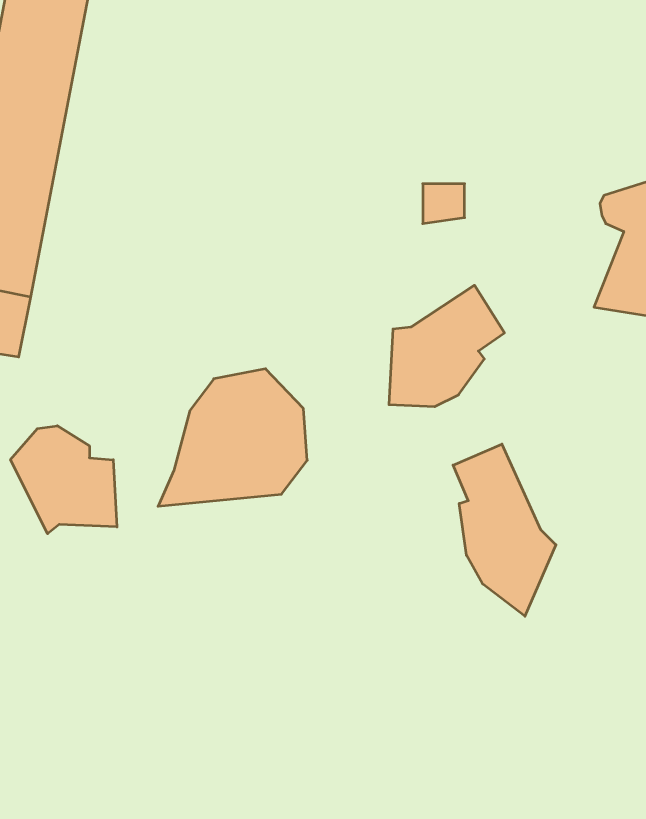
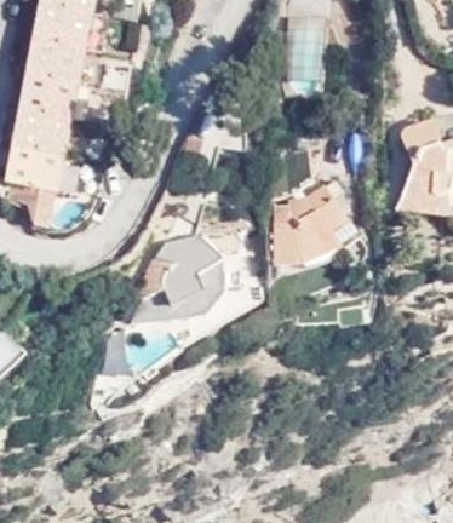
building: [11,426,117,534] -> none
building: [453,444,556,616] -> none

